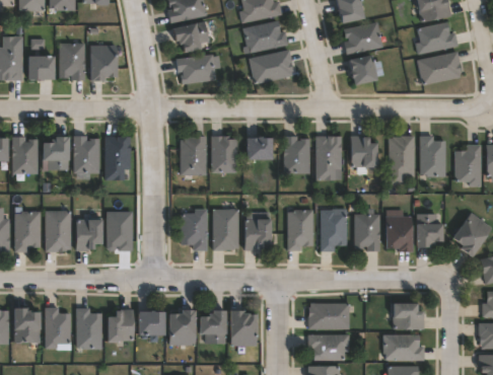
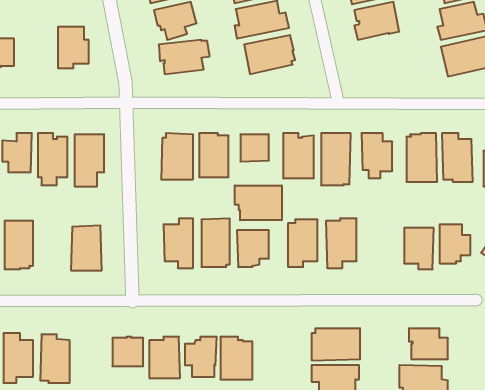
building: [58,42,85,79] -> none
building: [350,56,383,84] -> none
building: none -> [235,185,282,220]
building: [354,214,379,250] -> none
building: [75,218,100,250] -> none
building: [107,309,133,342] -> none

